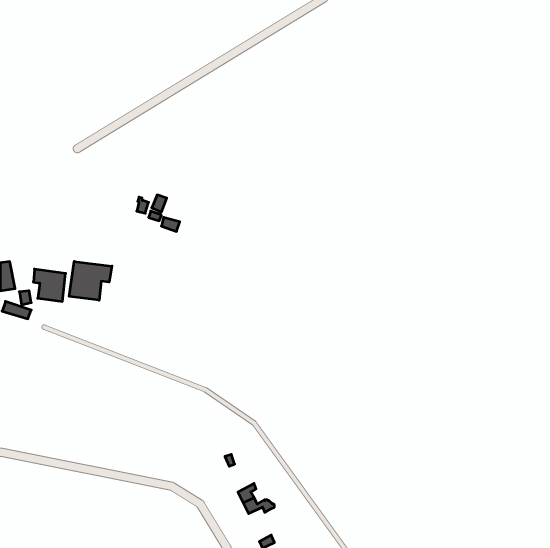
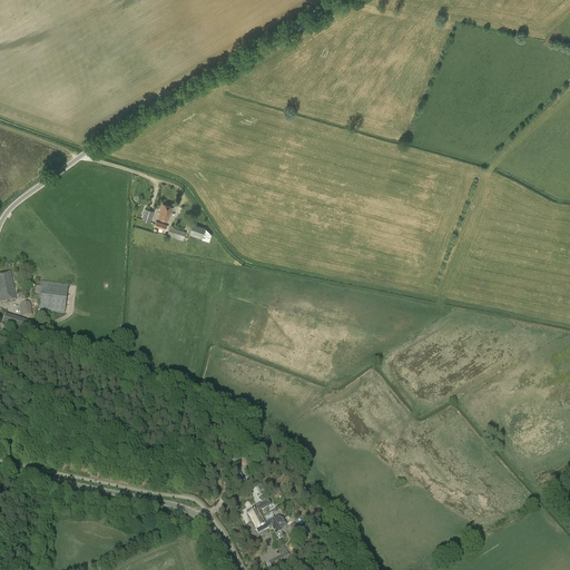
building: [69,261,112,300] -> none

